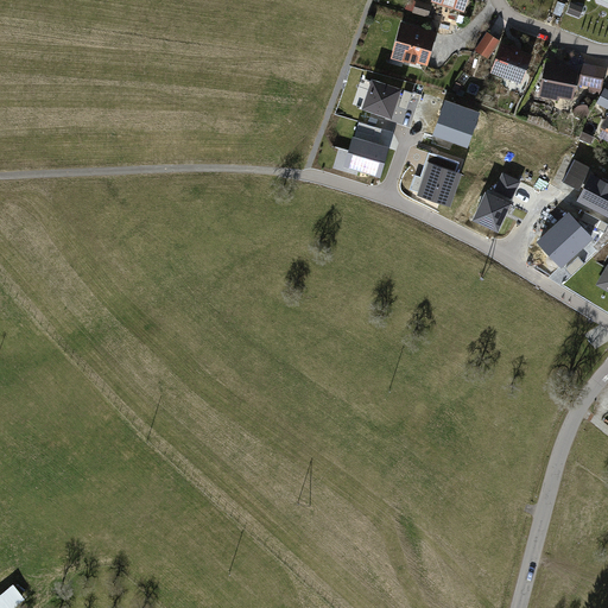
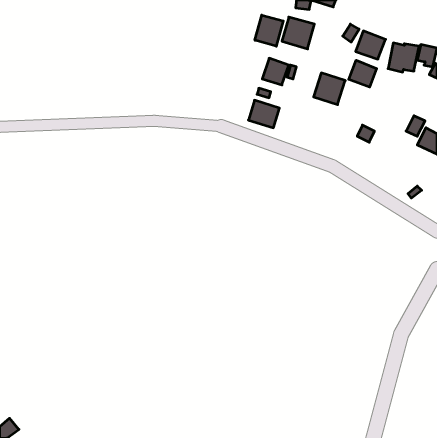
building: none -> [255,15,283,46]
building: none -> [349,60,377,87]
building: [418,164,460,205] -> none
building: [475,194,508,228] -> none
building: [538,215,590,266] -> none

